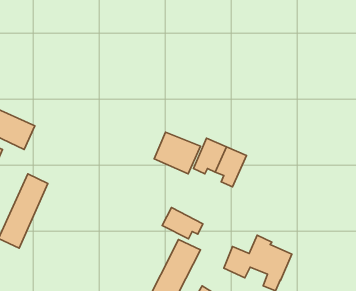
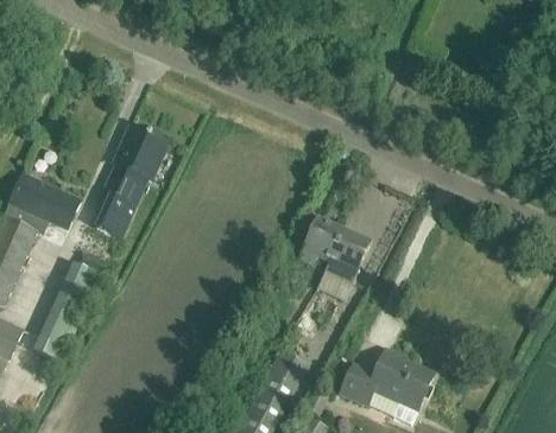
building: none -> [93,127,168,238]
building: [154,132,200,174] -> none
building: [162,207,203,239] -> none

